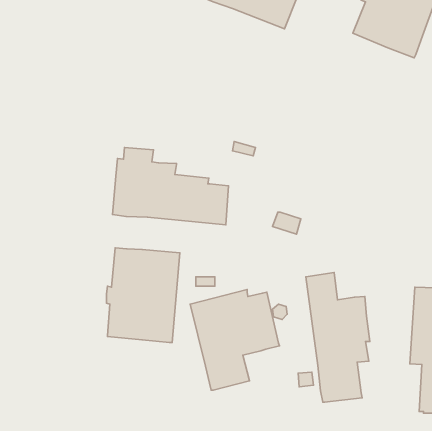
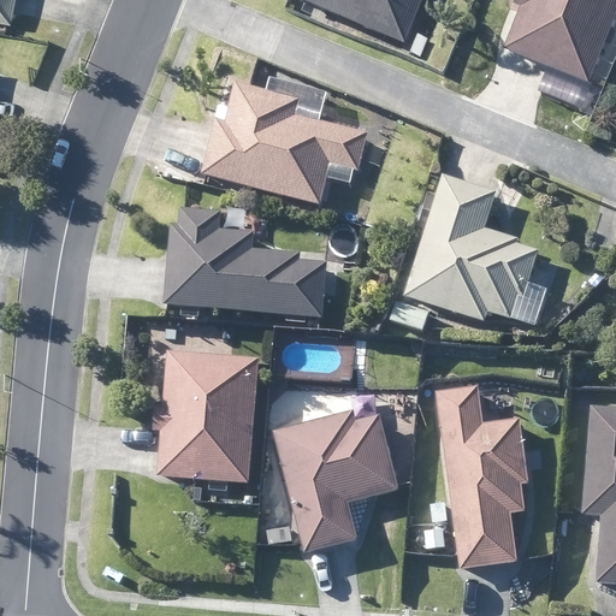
building: none -> [203,83,368,205]
building: none -> [404,173,545,320]

